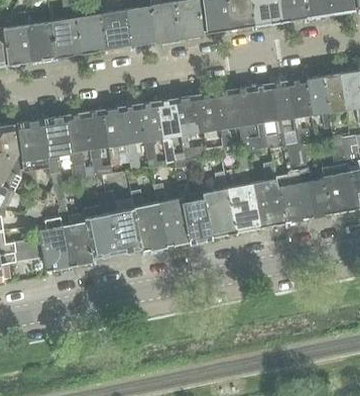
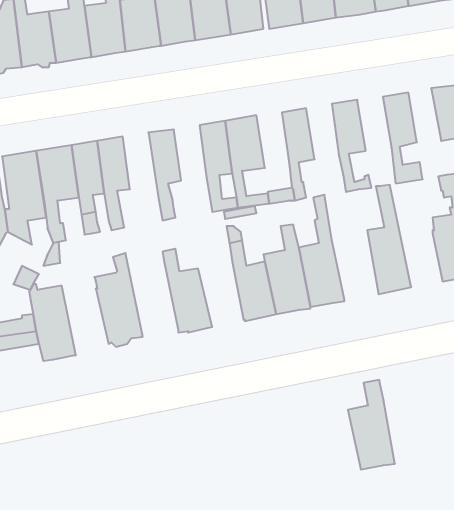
building: [306,76,333,138] -> none
building: [269,82,293,146] -> none
building: [233,87,261,153] -> none
building: [198,93,221,132] -> none
building: [139,102,162,161] -> none
building: [103,107,128,161] -> none
building: [292,140,330,217] -> none
building: [251,163,284,226] -> [348,380,395,469]
building: [153,184,189,245] -> none
building: [105,191,142,254] -> none
building: [58,201,93,266] -> none

